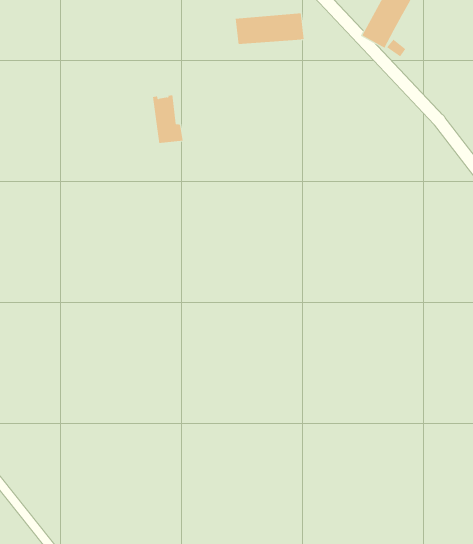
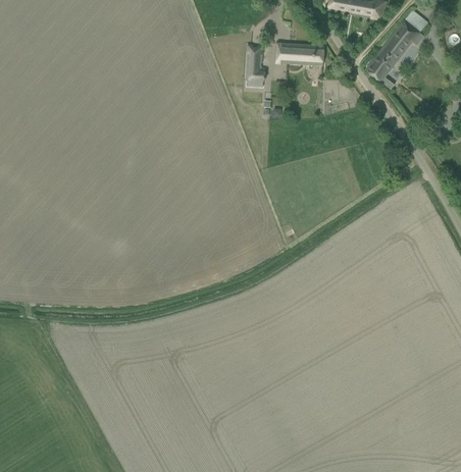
building: [152,95,183,144] -> [247,45,265,81]

